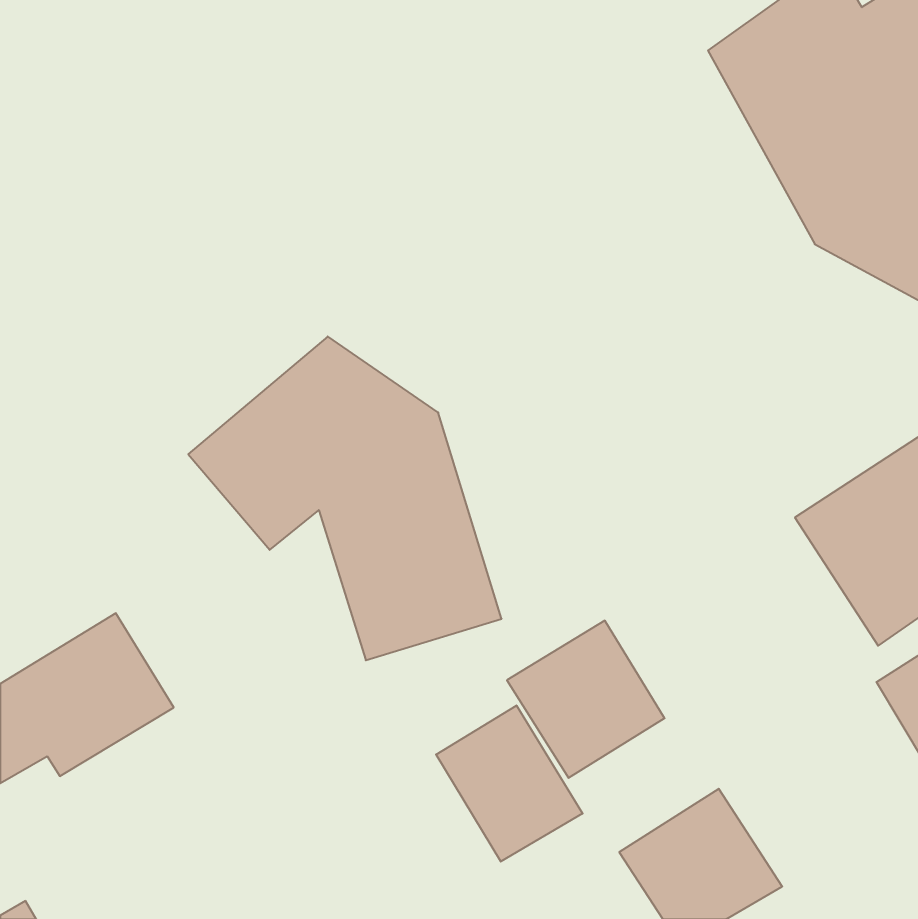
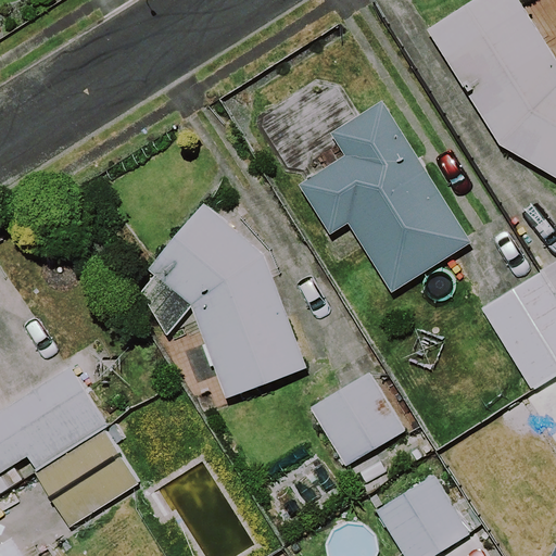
building: none -> [286,101,471,292]
building: [436,705,583,862] -> none
building: none -> [40,438,138,528]

